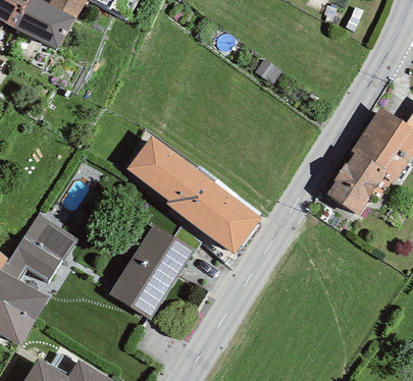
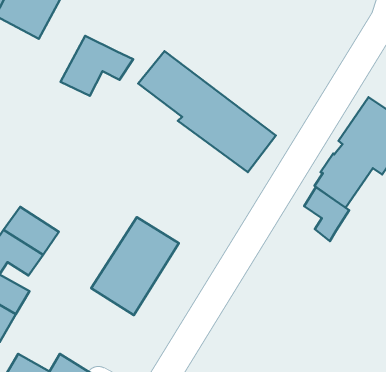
building: none -> [61,36,133,96]
building: [126,135,261,254] -> [138,51,276,172]
building: none -> [304,187,349,241]

